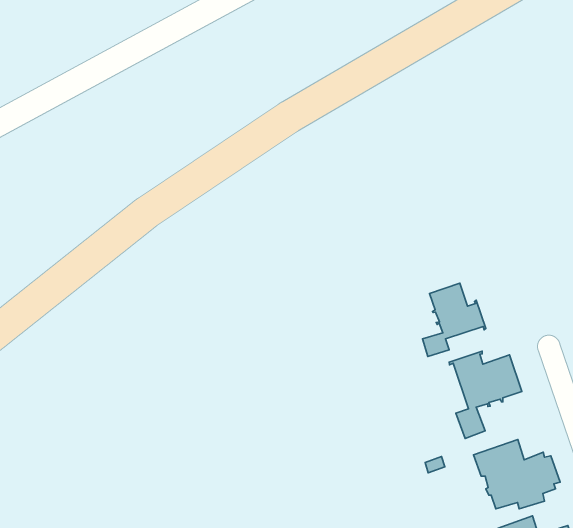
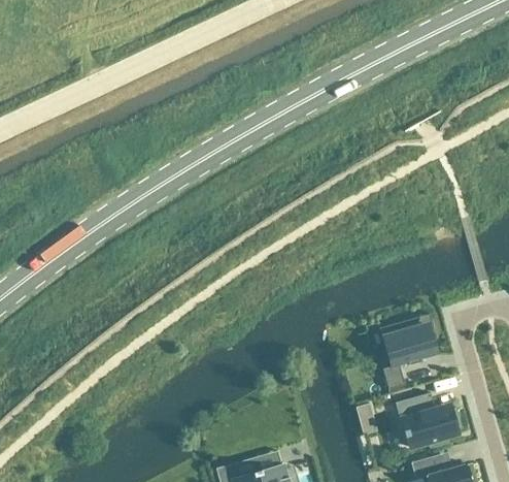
building: [423,283,486,357] -> none

